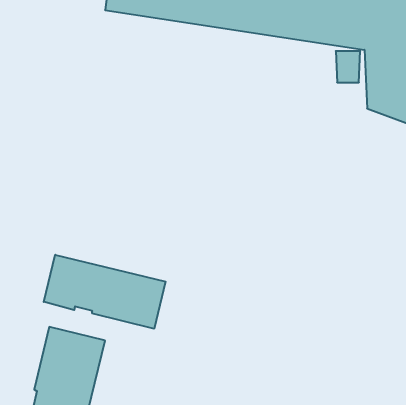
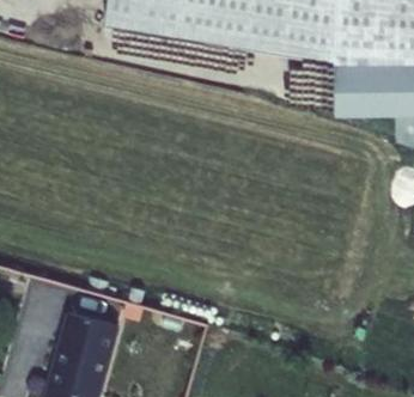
building: [44,255,166,329] -> none

